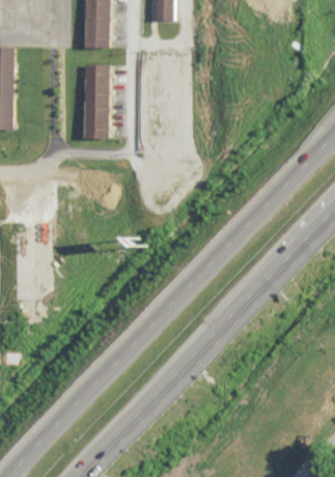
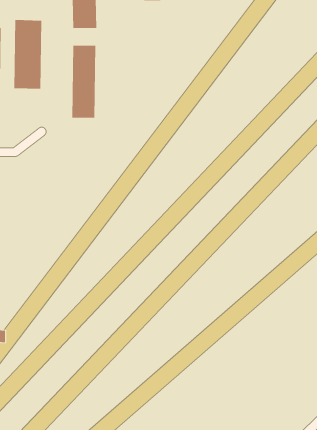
building: none -> [14,19,42,89]

